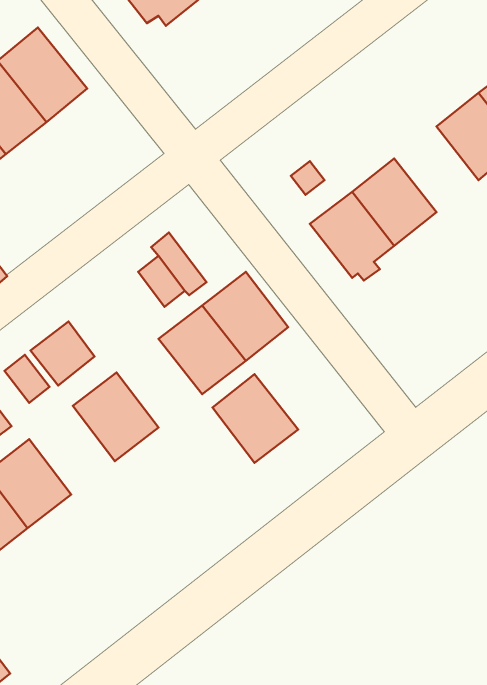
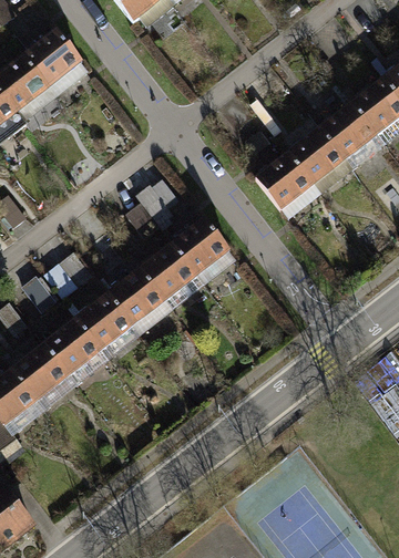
building: none -> [318,97,382,163]
building: [212,374,298,463] -> [106,259,172,327]
building: none -> [40,310,105,378]

